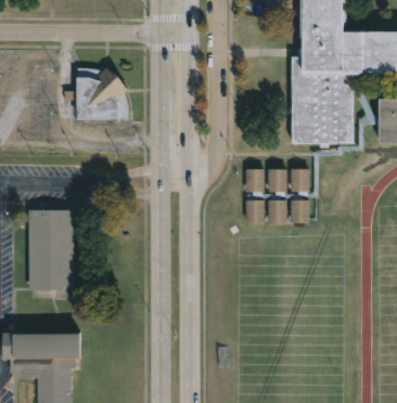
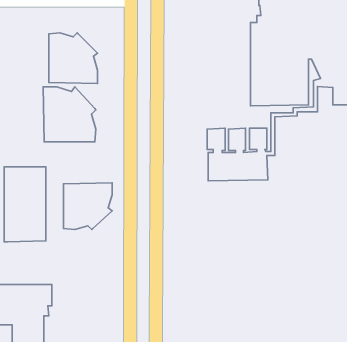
building: none -> [43,87,96,142]
building: none -> [64,183,112,229]

